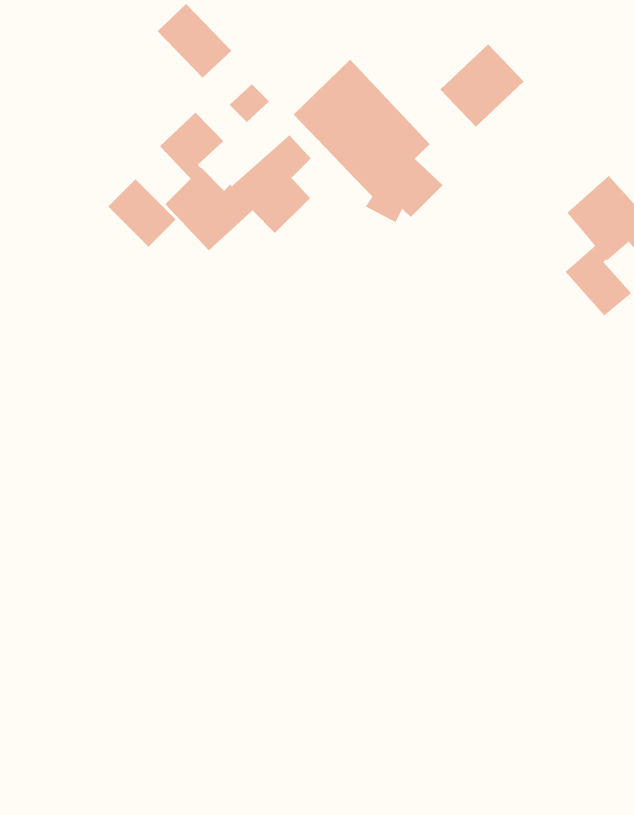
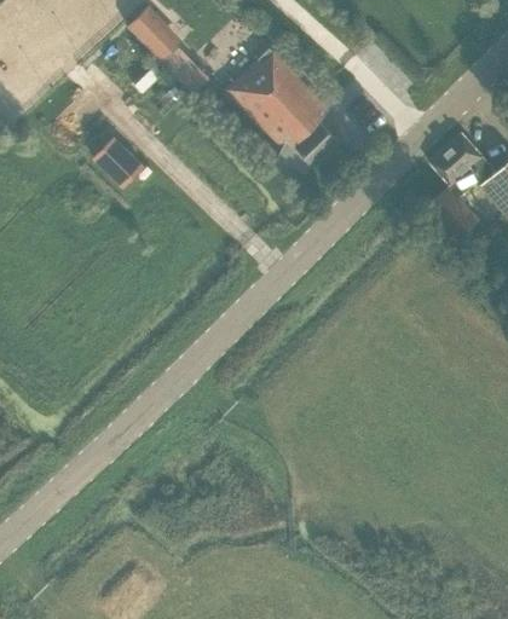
building: [439,44,524,127] -> none
building: [159,112,312,251] -> none

